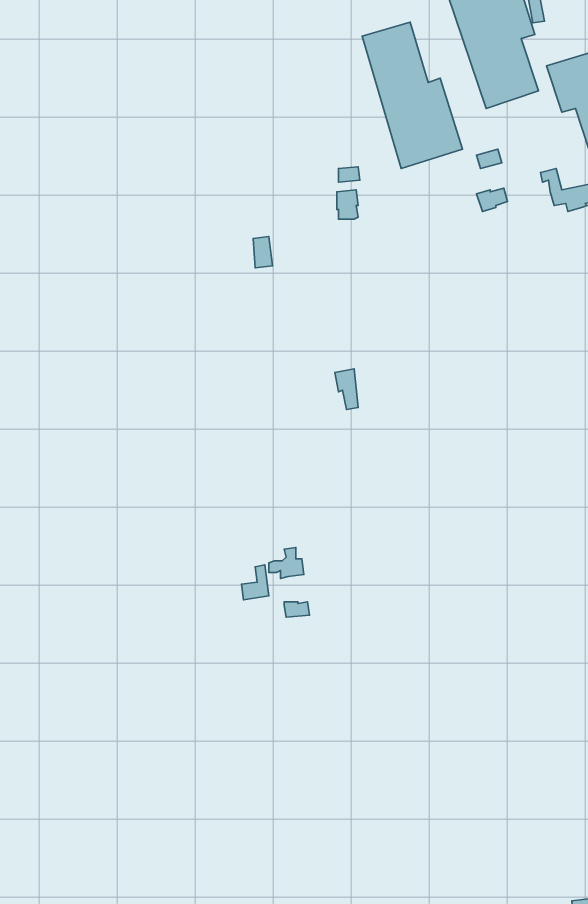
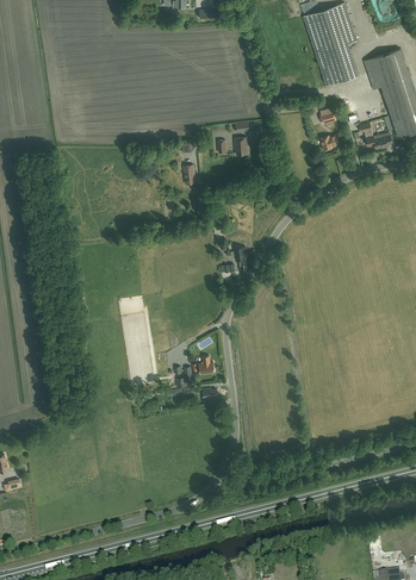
building: [362,22,463,168] -> none

